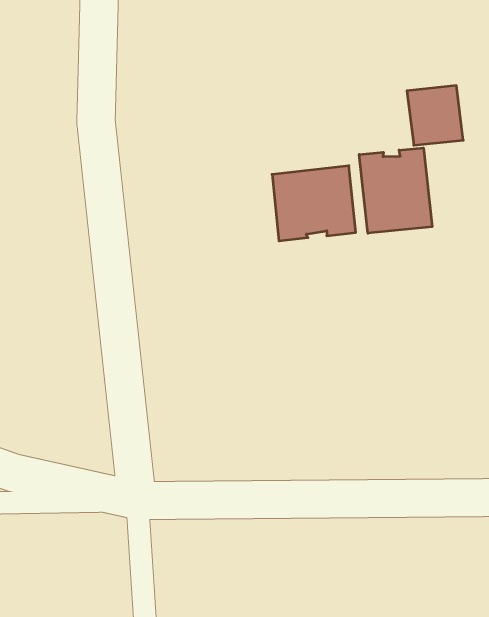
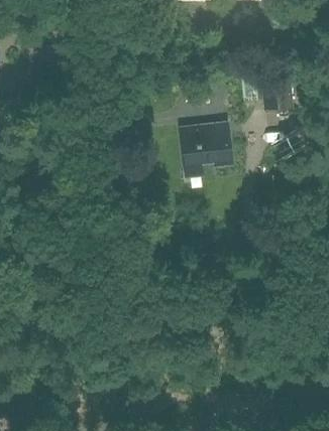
building: [359,148,432,233] -> none

